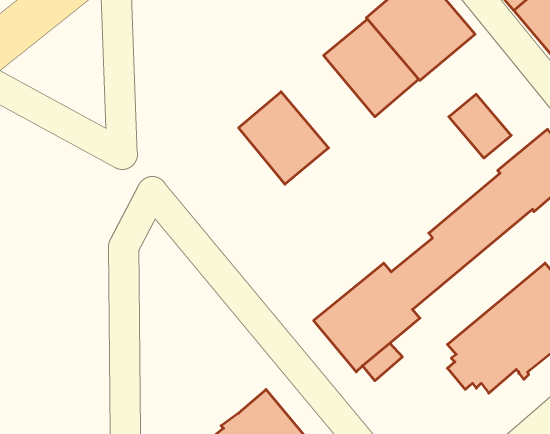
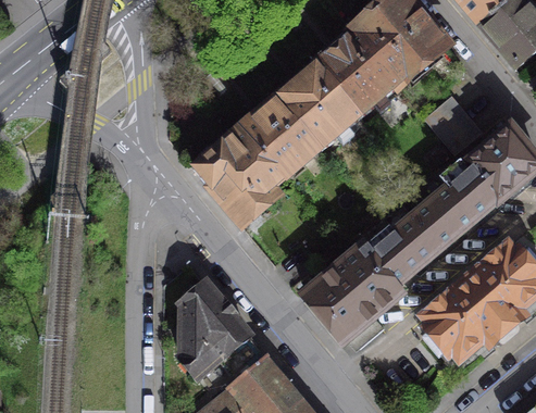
building: none -> [278,63,360,147]
building: none -> [192,126,282,222]
building: none -> [182,283,265,375]

